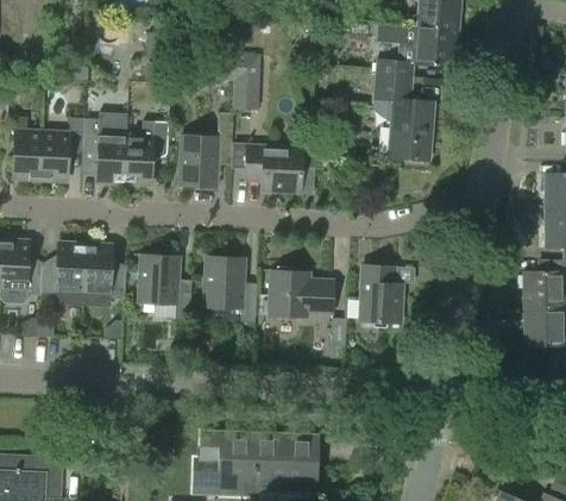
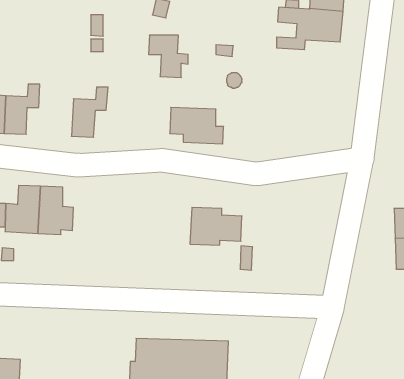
building: [373,73,433,161] -> none
building: [178,112,232,187] -> none
building: [82,118,125,182] -> none
building: [139,253,190,319] -> none
building: [205,257,256,321] -> none
building: [360,264,416,327] -> none

